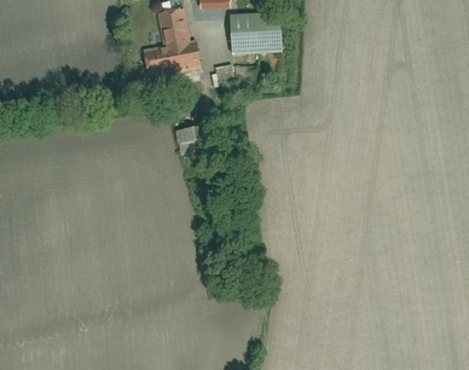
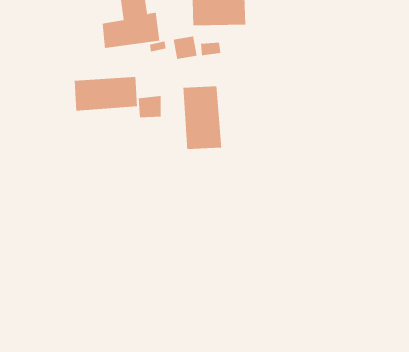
building: none -> [74,76,137,112]
building: none -> [183,86,222,150]

